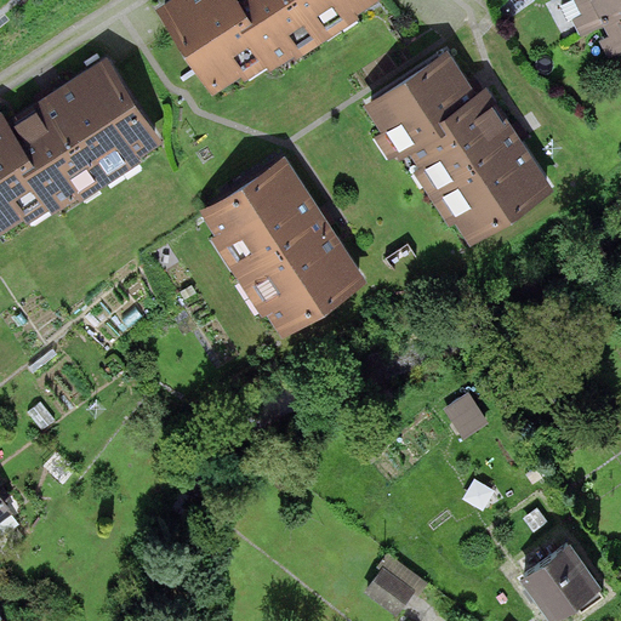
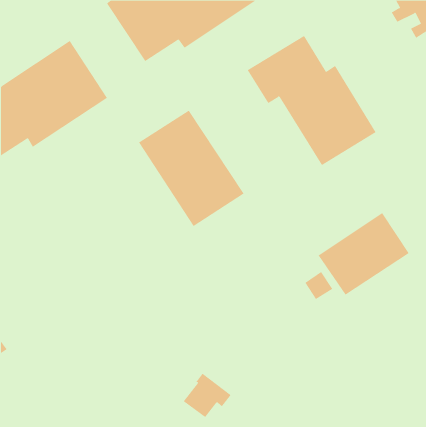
building: none -> [318,212,409,296]
building: [524,536,608,615] -> none
building: [365,547,435,613] -> [183,373,232,418]

